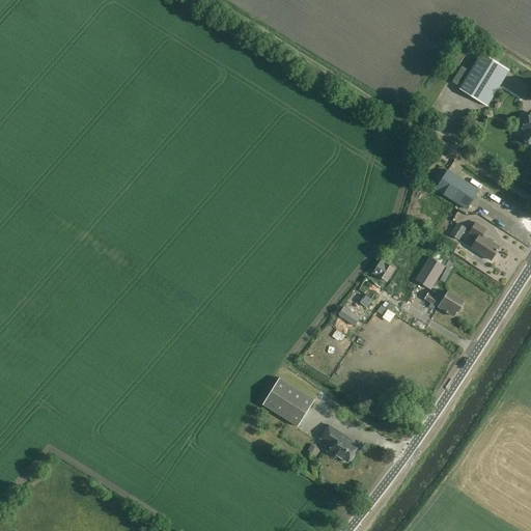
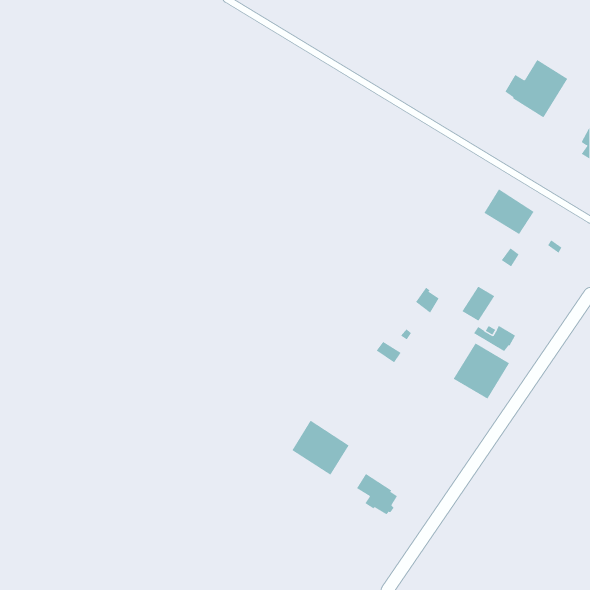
building: [468,222,499,259] -> none
building: none -> [453,343,510,399]

